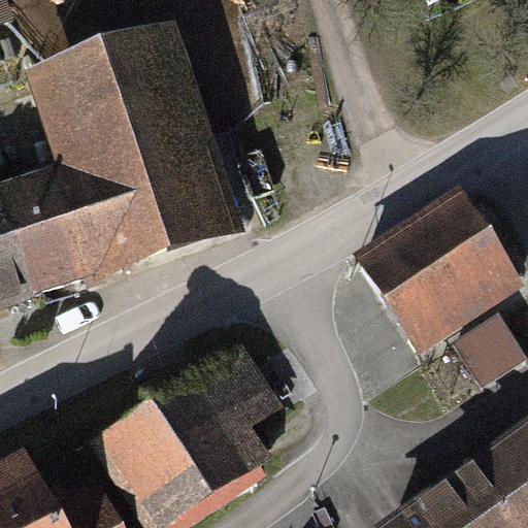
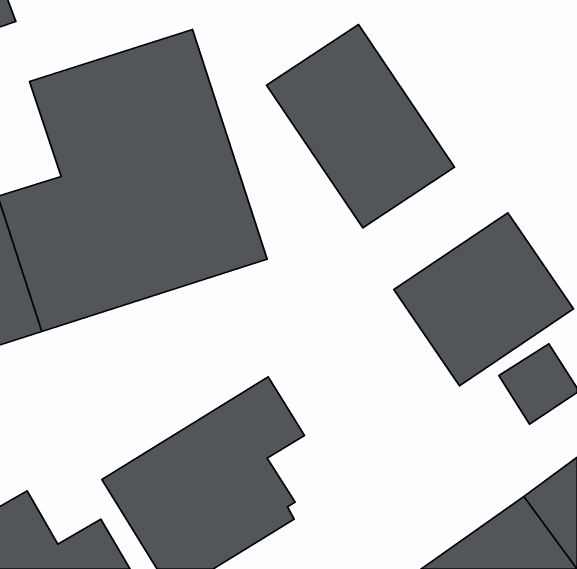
building: none -> [267,24,455,228]

